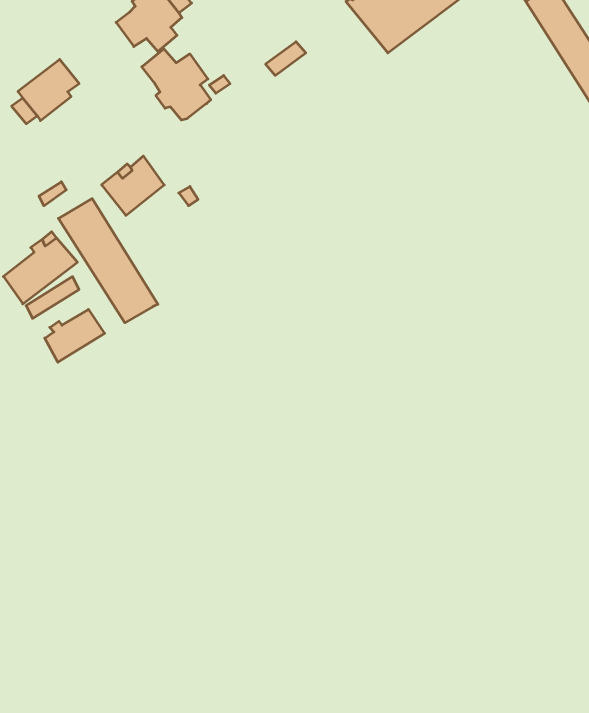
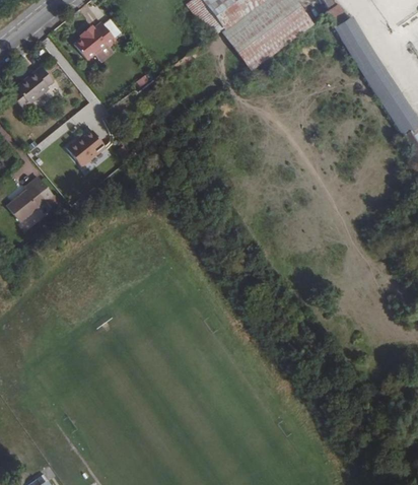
building: [142,49,211,120] -> none
building: [58,199,158,323] -> none
building: [45,309,105,362] -> none

